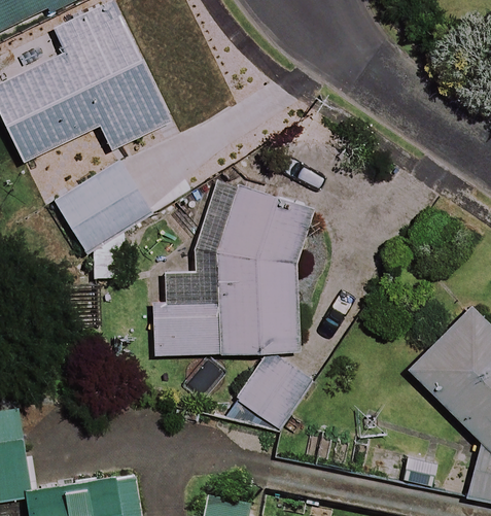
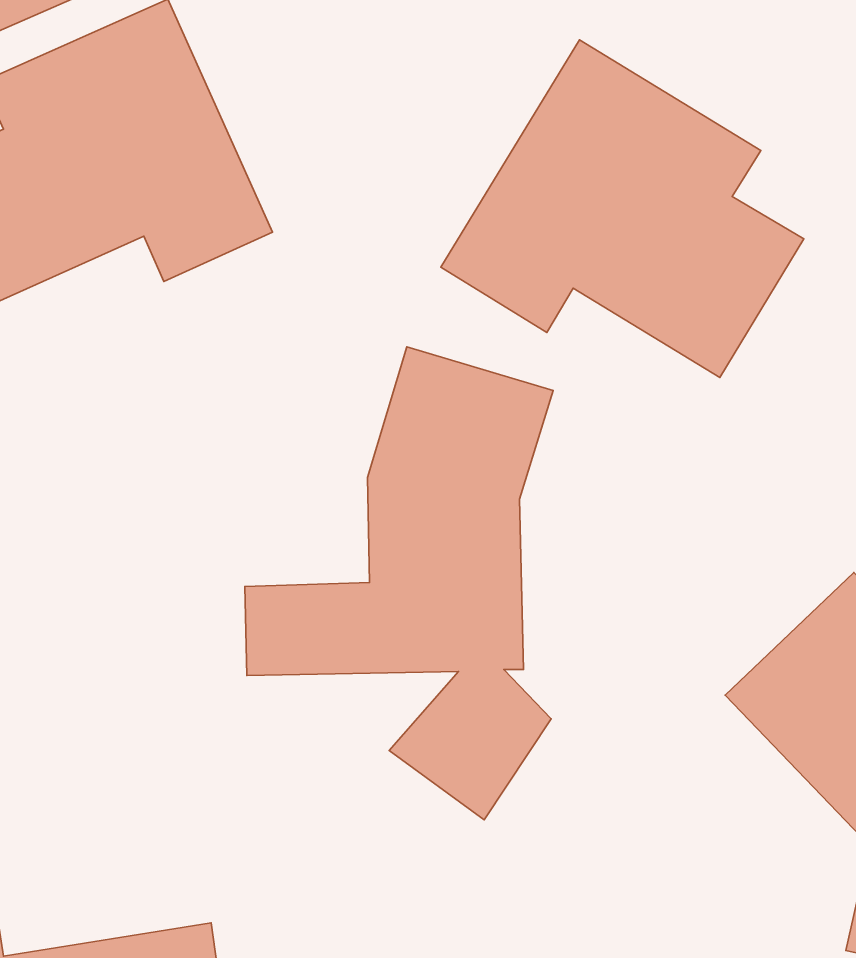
building: none -> [441,40,804,378]
building: [55,160,153,255] -> none

